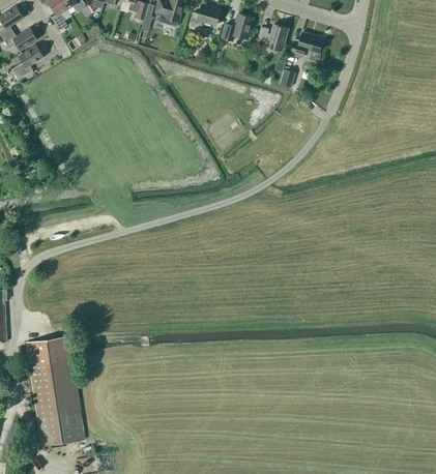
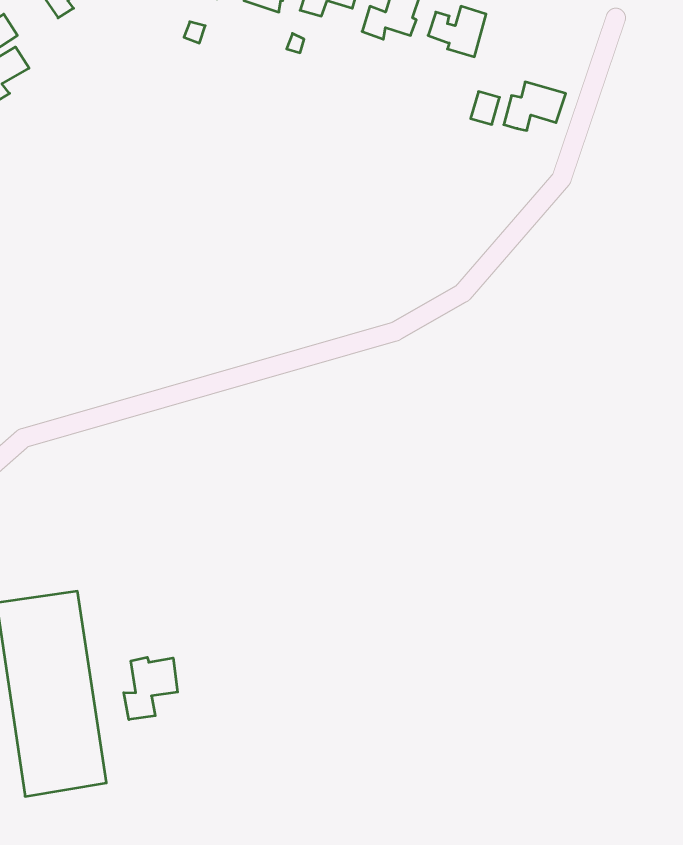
building: [290,32,323,58] -> [504,82,566,130]
building: none -> [124,657,178,720]

